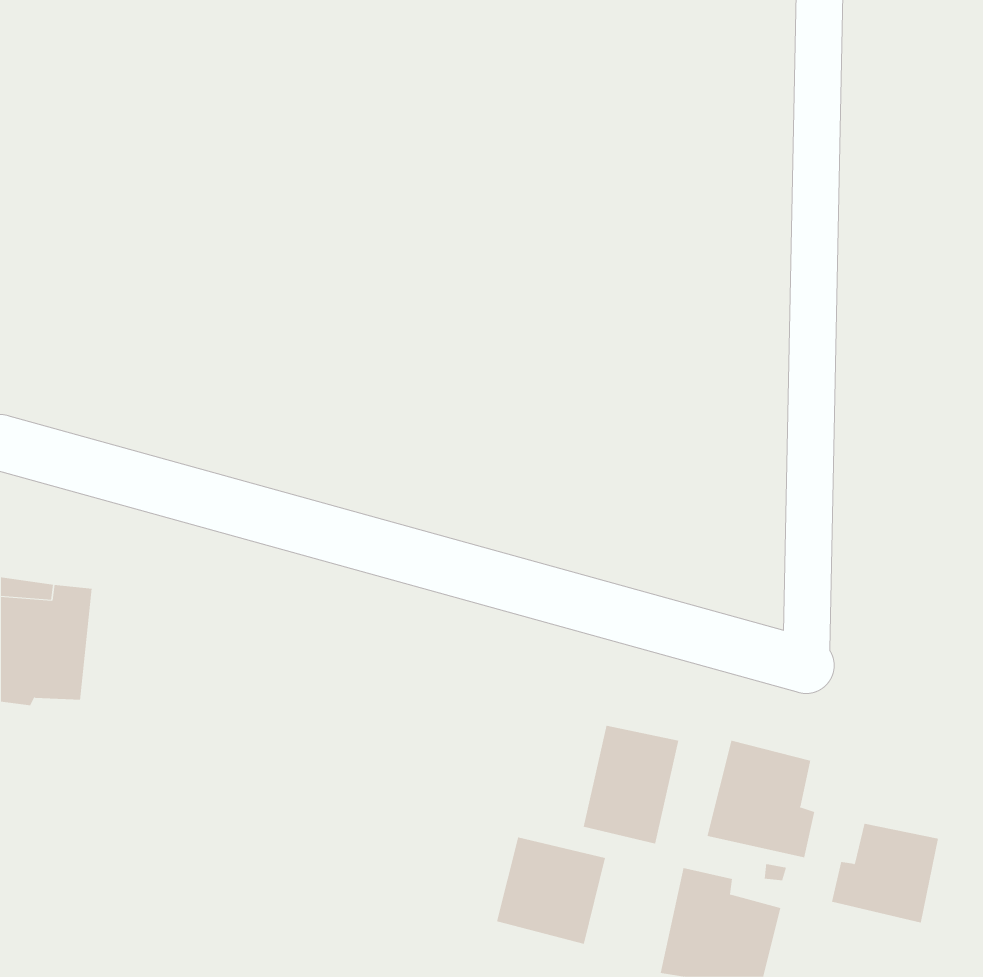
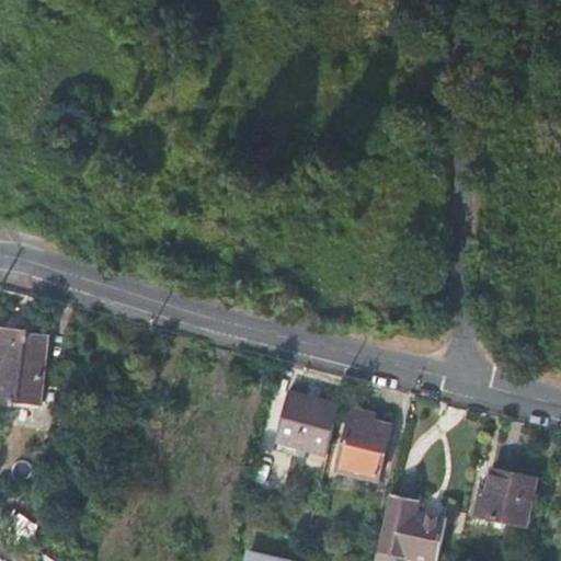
building: [707,740,815,858] -> none
building: [496,837,606,945] -> [278,393,341,455]

